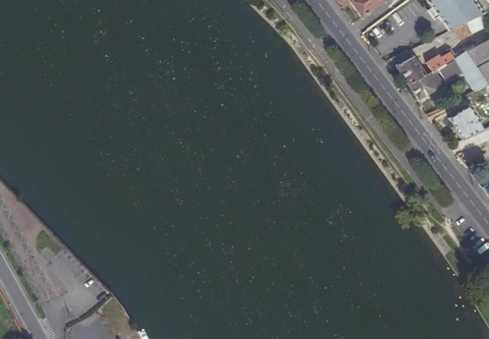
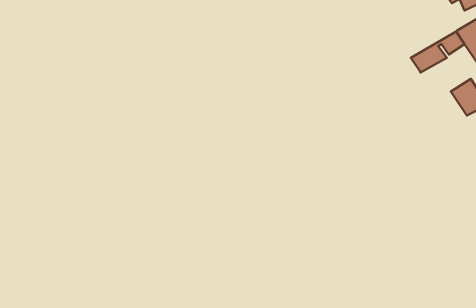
building: [395,51,454,84] -> none

